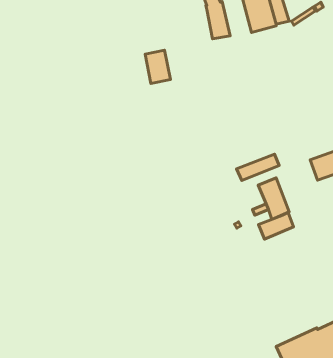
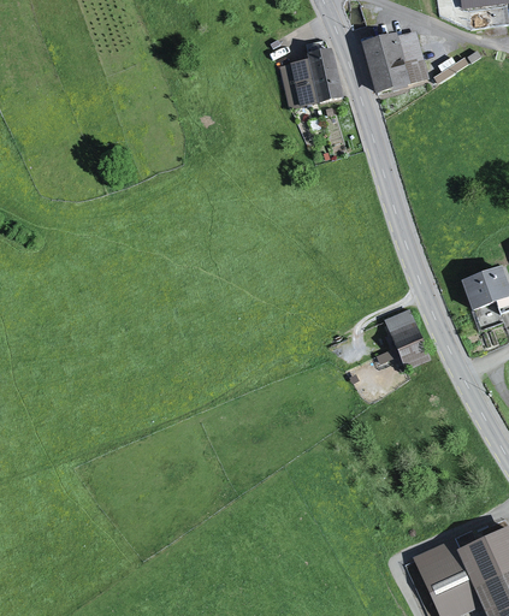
building: [145,50,170,84] -> [280,60,318,109]
building: [237,154,279,181] -> none
building: [259,212,294,239] -> none

